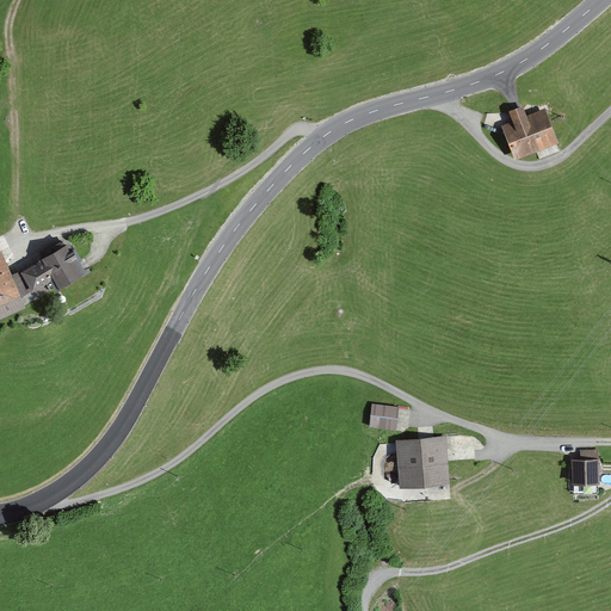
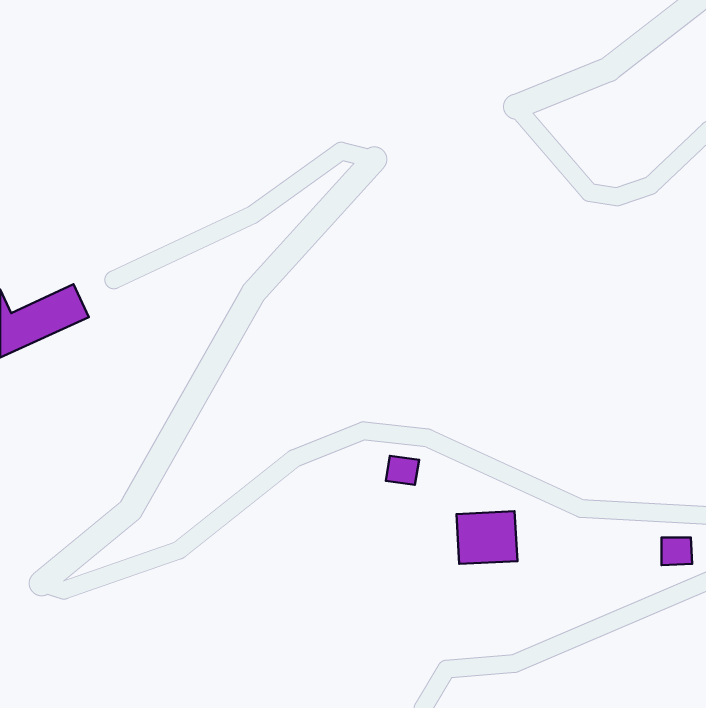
building: [504,106,555,158] -> none
building: [369,406,397,431] -> [386,456,419,485]

